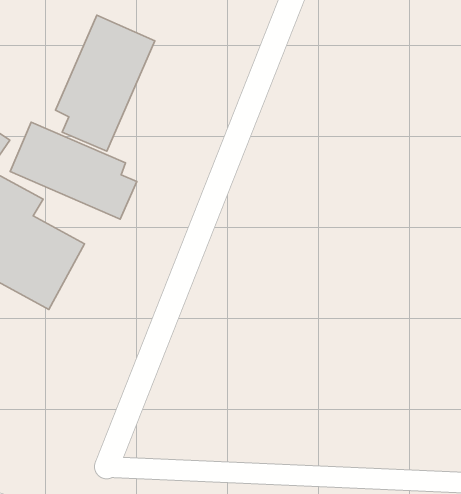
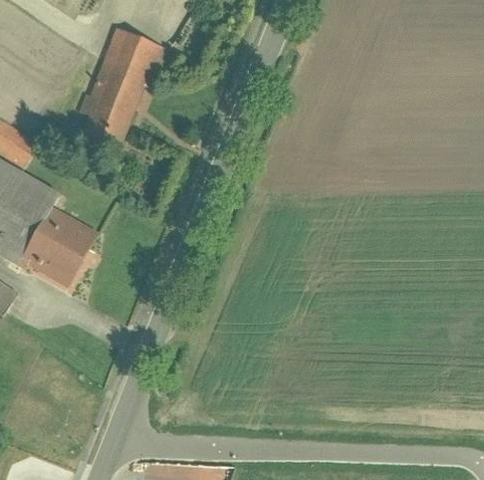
building: [10,122,137,219] -> none

